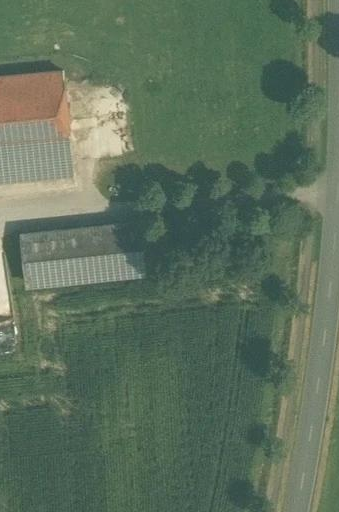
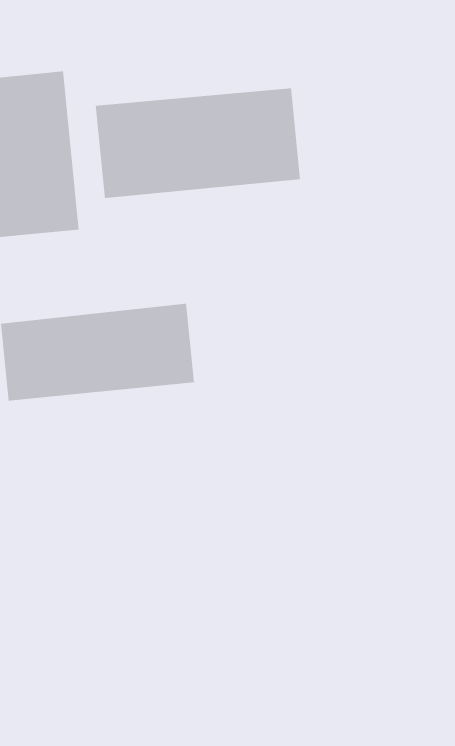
building: none -> [95,88,301,199]

